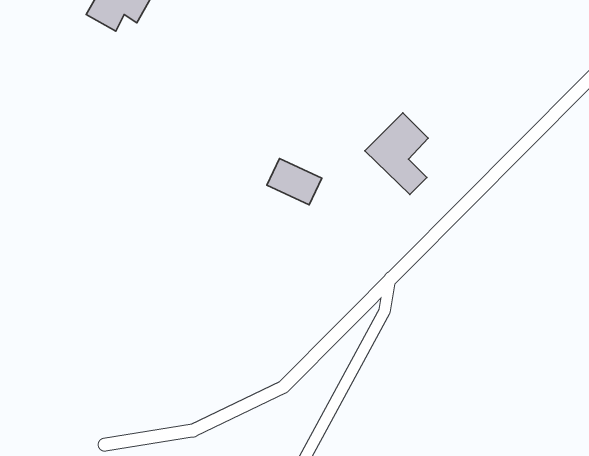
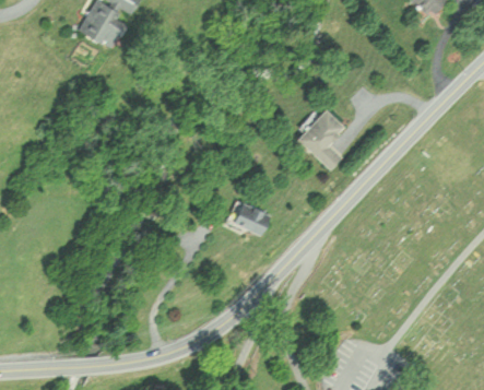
building: [267,159,322,205] -> [229,201,272,237]

